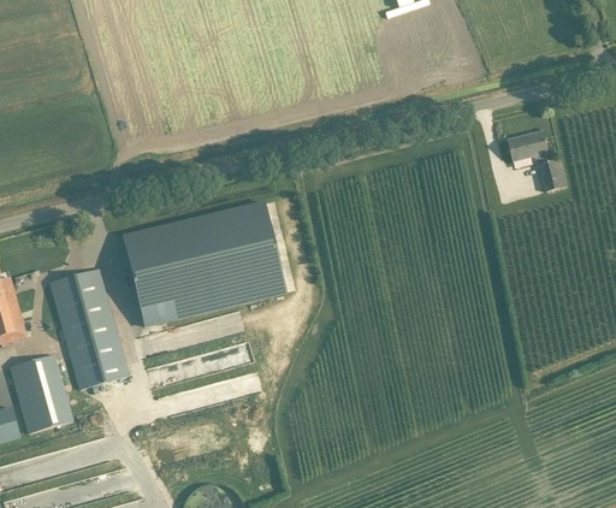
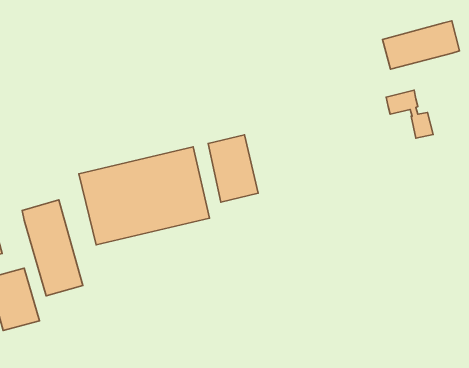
building: none -> [383,21,460,69]
building: none -> [208,135,258,202]

